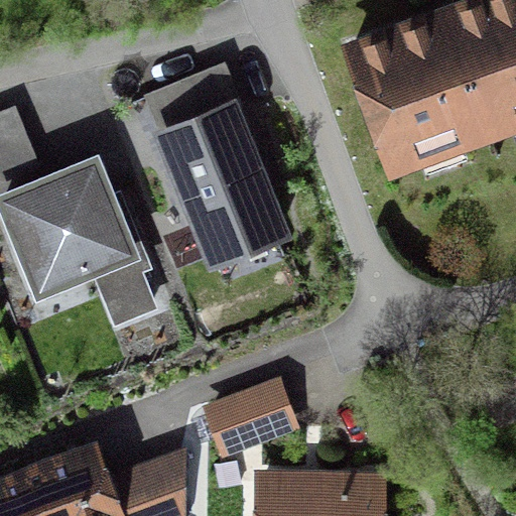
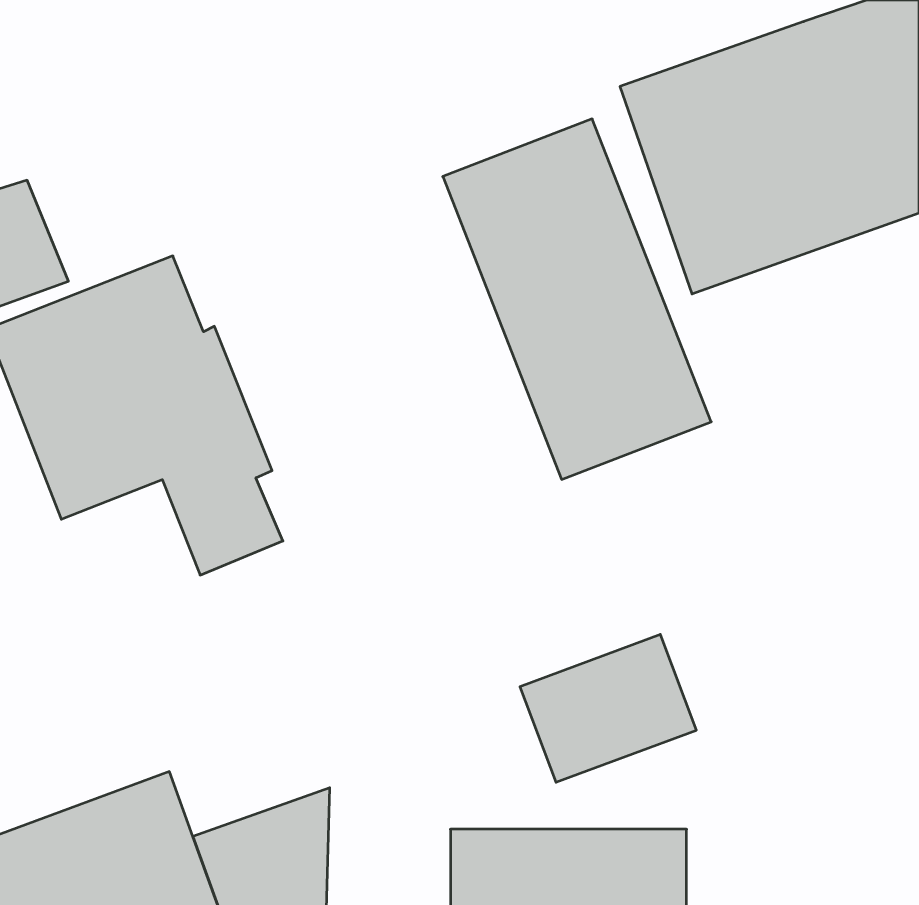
building: [141,67,291,268] -> [443,119,711,479]
building: [201,380,299,463] -> [520,634,696,782]

